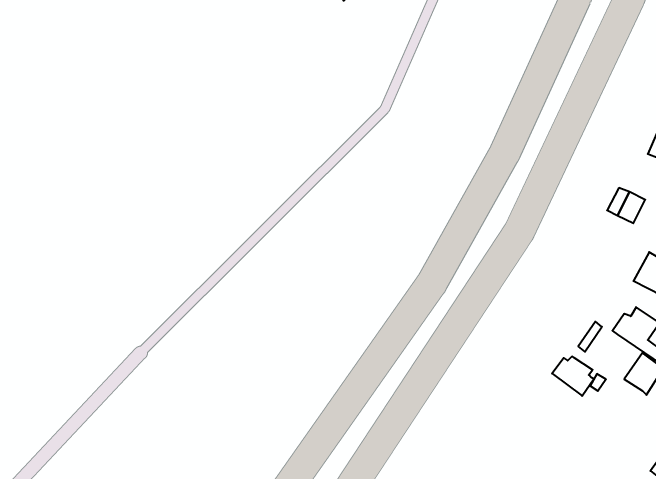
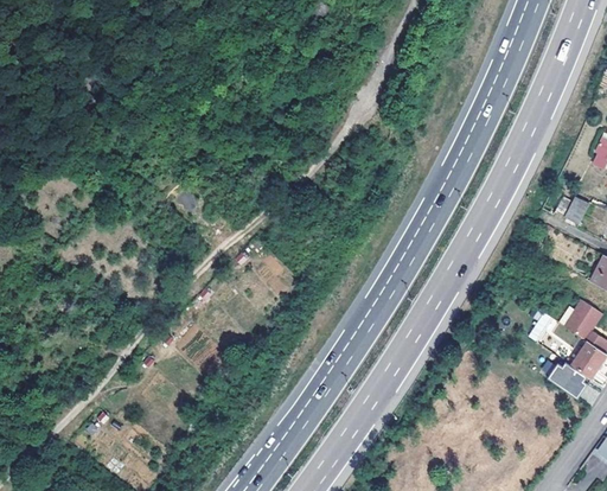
building: [552,357,594,396] -> [552,364,590,400]

